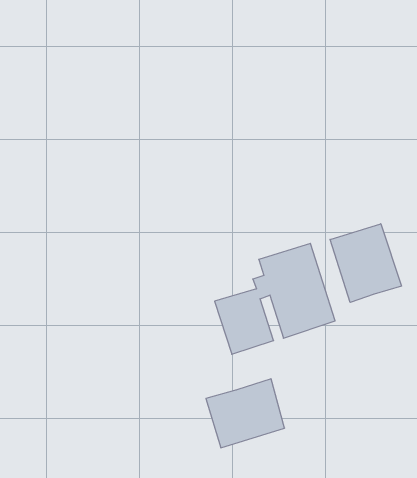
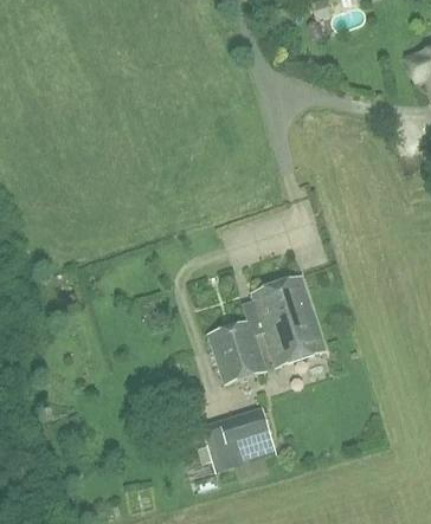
building: [330,224,402,302] -> none

